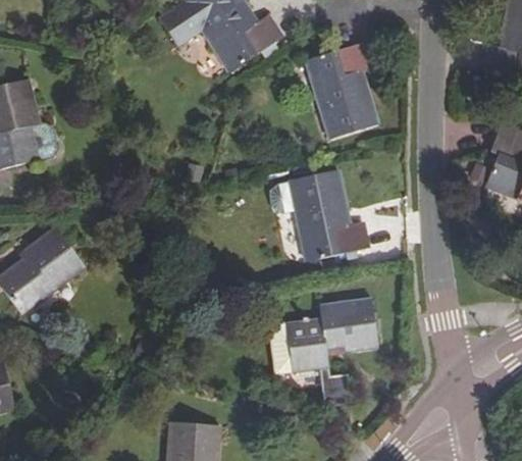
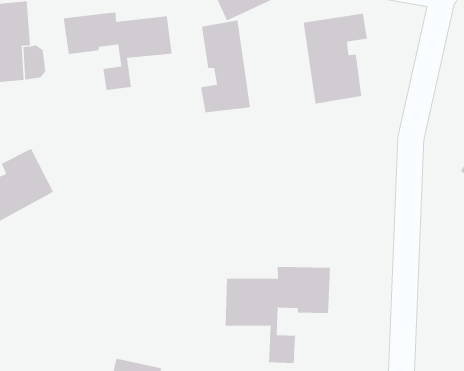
building: none -> [200,19,251,113]
building: none -> [63,11,172,91]
building: [271,169,367,261] -> none

